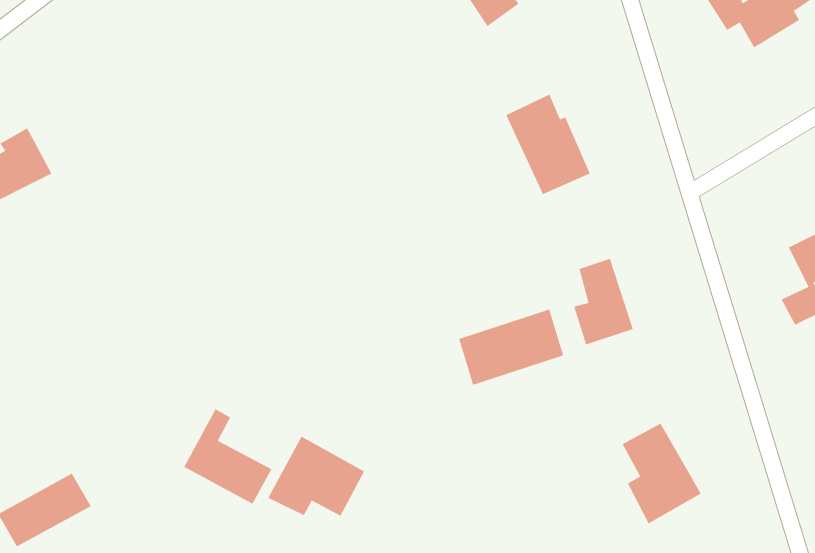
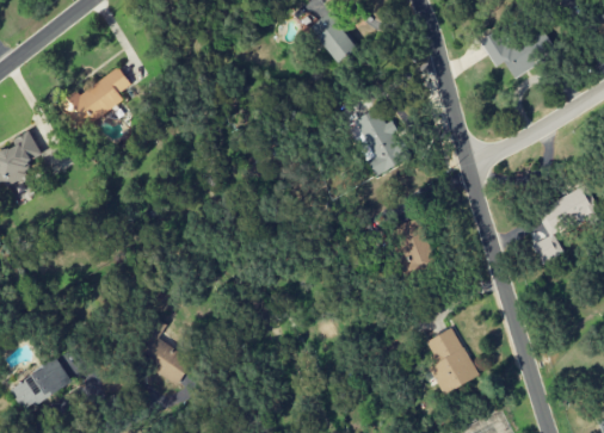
building: none -> [57,67,131,131]
building: [458,309,564,386] -> none
building: [267,436,365,517] -> none

